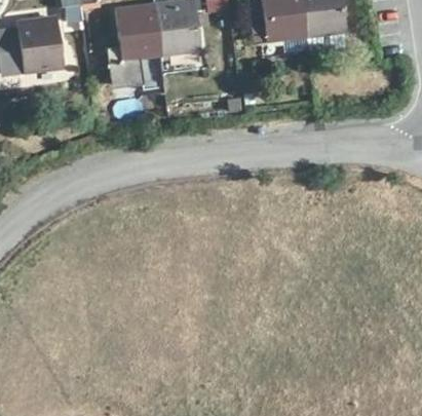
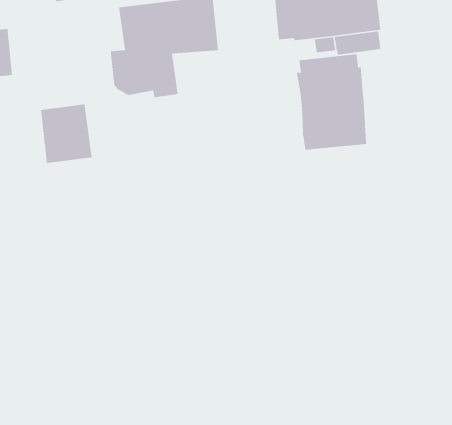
building: [16,16,62,69] -> [40,103,92,164]
building: none -> [296,53,367,151]

